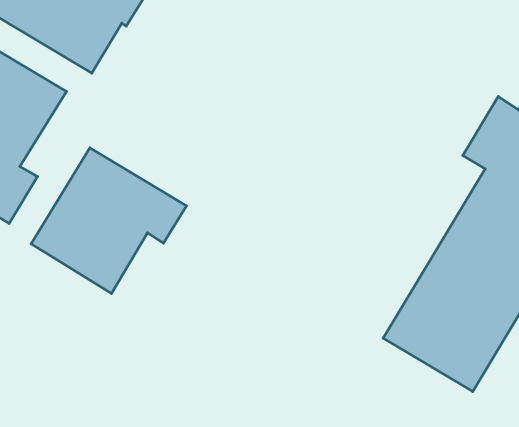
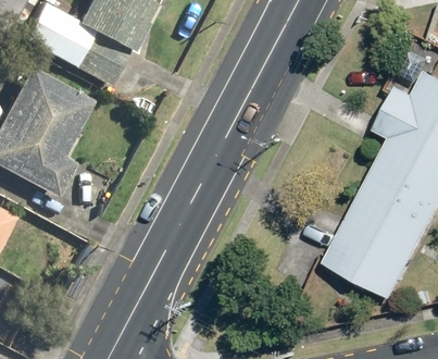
building: [31,148,186,293] -> none

